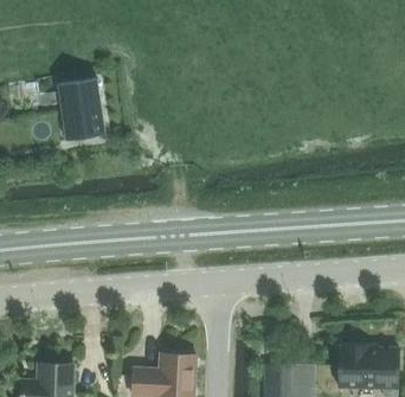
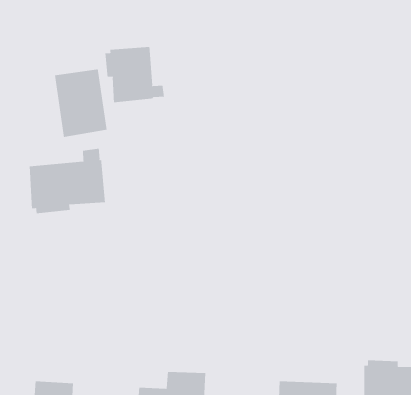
building: none -> [105,46,165,103]
building: none -> [29,148,105,214]

